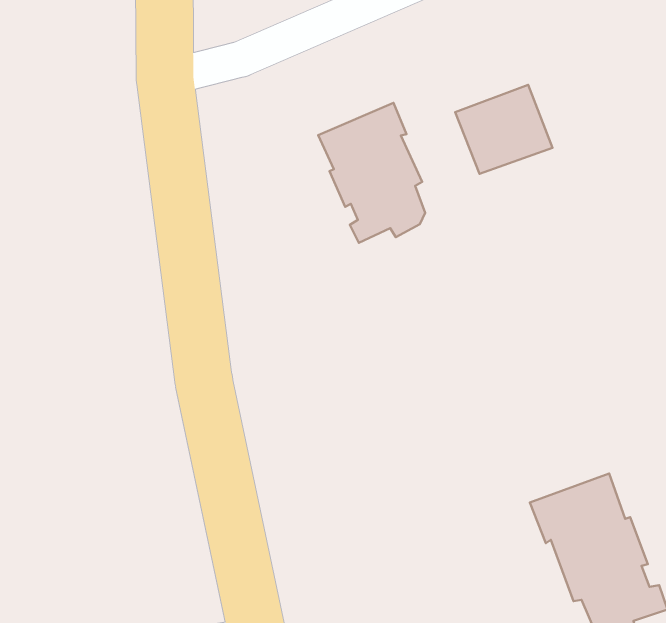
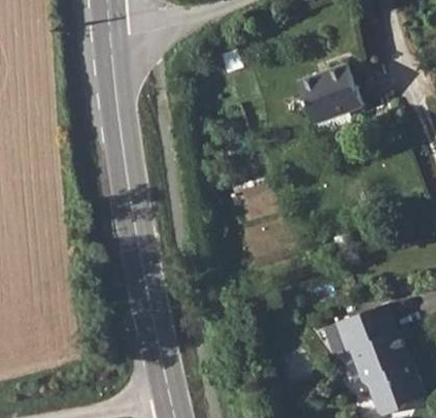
building: [318,103,425,243] -> none

